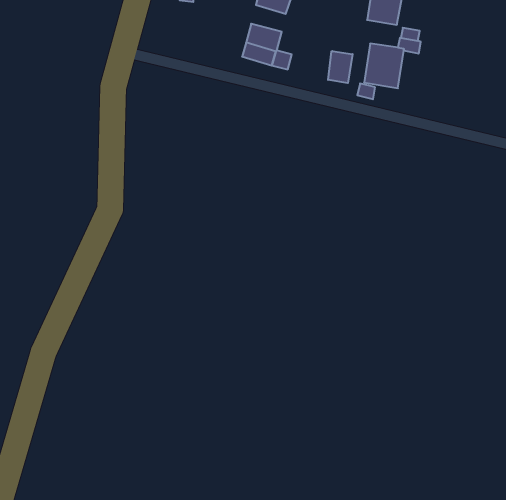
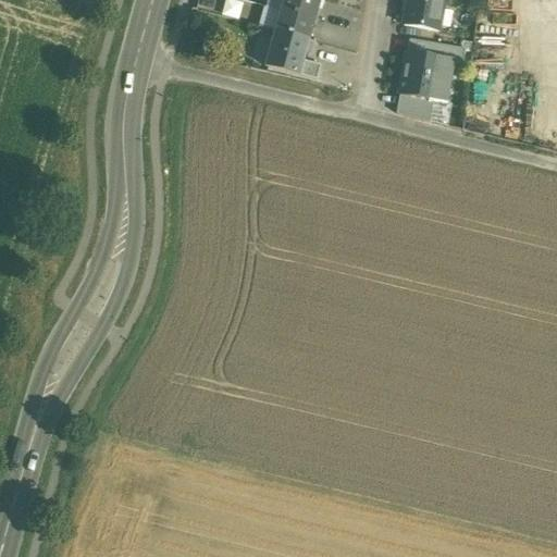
building: none -> [276,5,314,35]
building: [328,51,353,83] -> none

